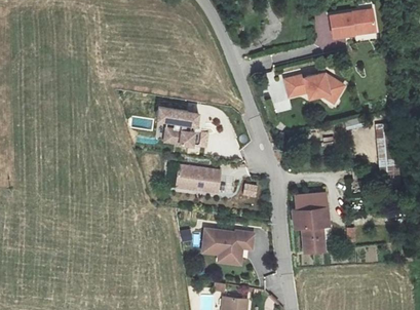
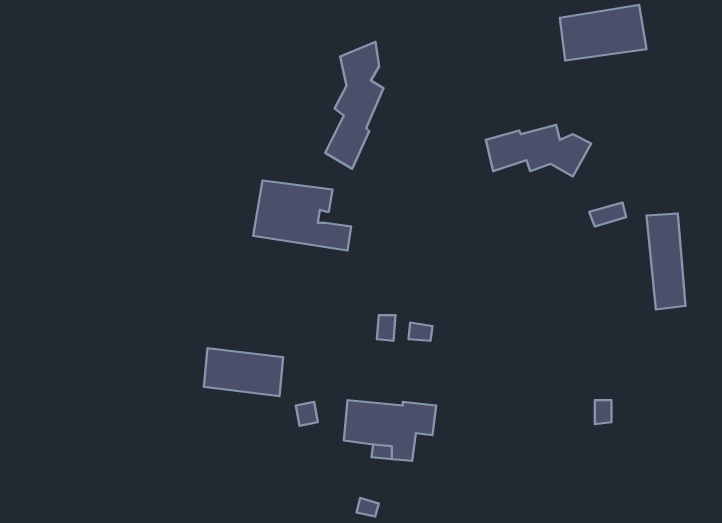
building: none -> [325,42,384,169]
building: [175,165,219,192] -> [204,348,283,396]
building: [293,193,330,254] -> none

